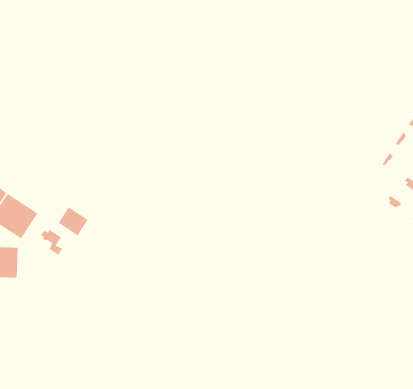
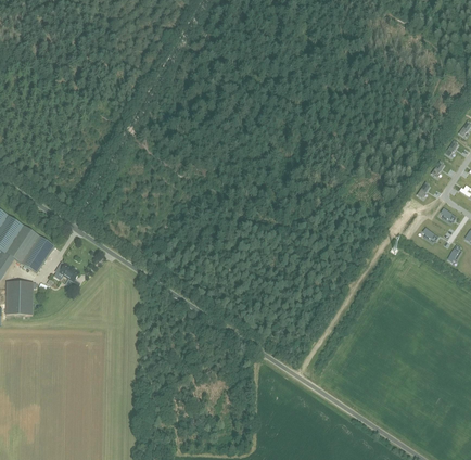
building: [58,207,88,236] -> none

